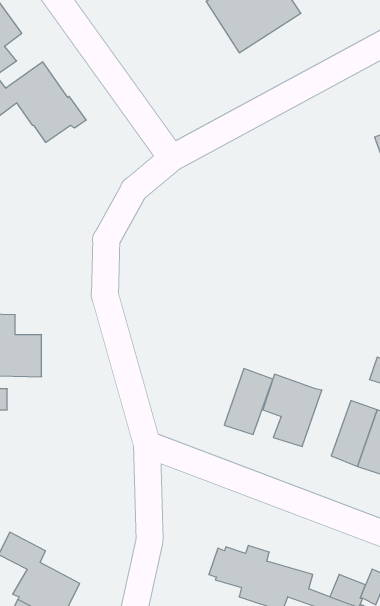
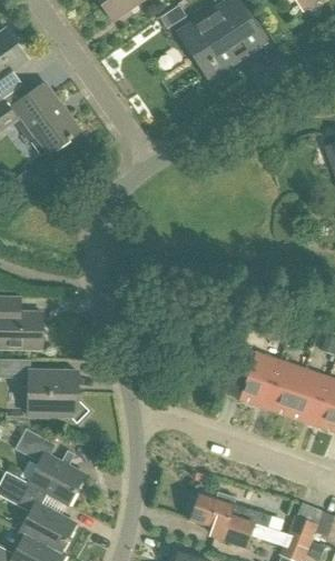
building: [224,369,273,434] -> [264,360,305,415]
building: none -> [29,370,90,423]
building: none -> [14,429,85,505]

